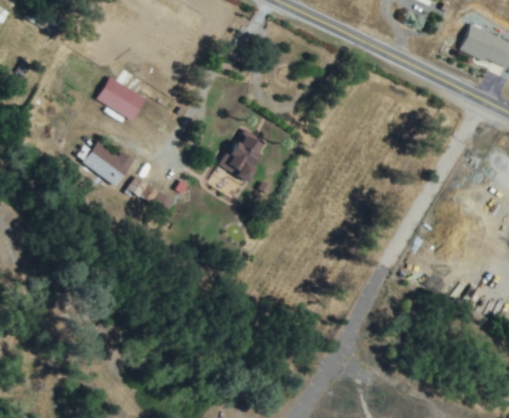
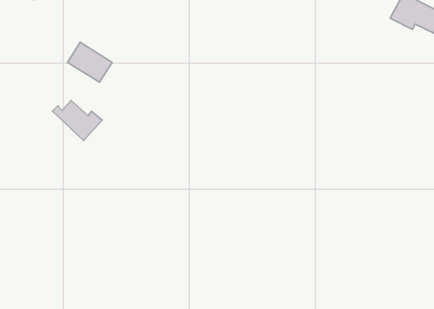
building: [221,130,266,179] -> none
building: [128,178,173,213] -> none

